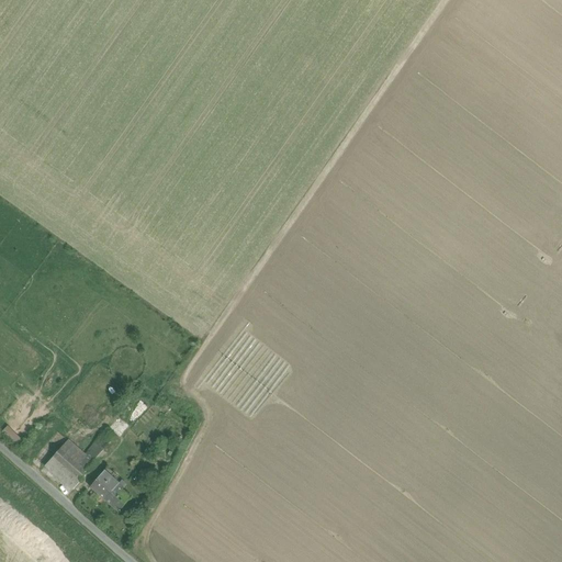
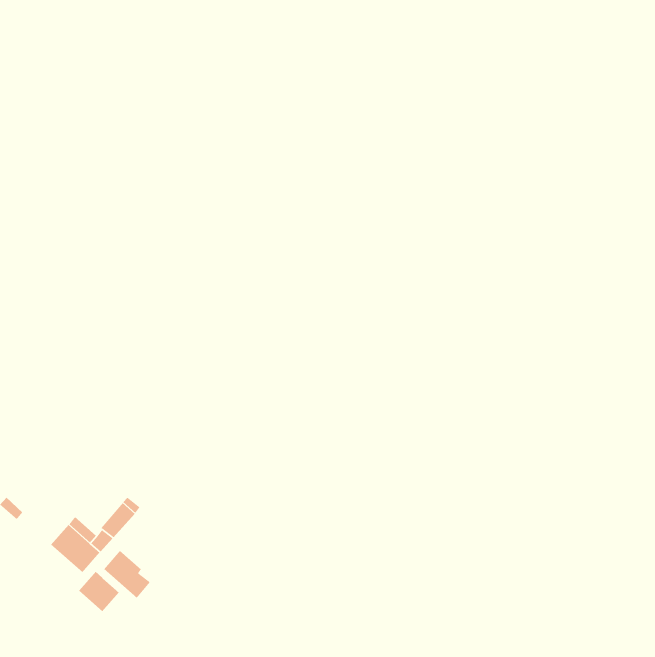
building: none -> [78,571,120,612]

